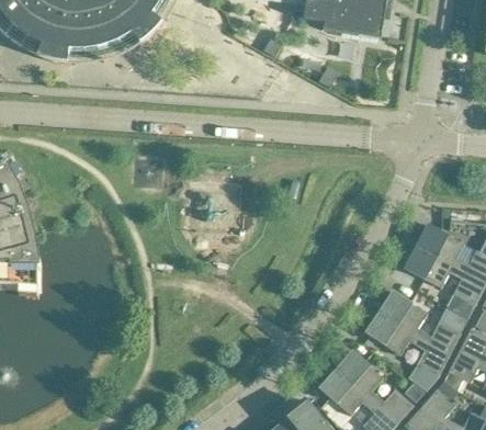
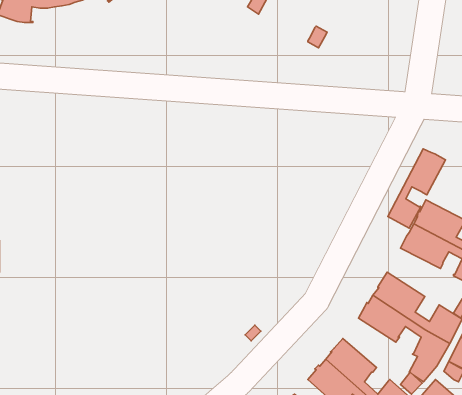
building: none -> [388,149,445,228]

